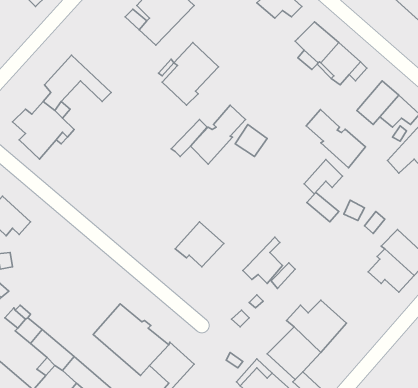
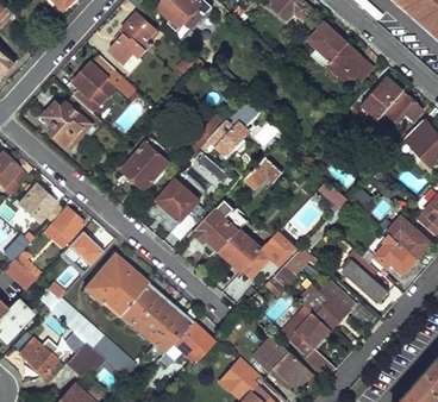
building: [162,42,219,105] -> [110,13,162,71]
building: [306,109,365,168] -> none
building: none -> [123,143,170,191]
building: [304,159,342,194] -> [246,157,282,189]
building: none -> [192,153,229,190]
building: none -> [156,180,199,222]
building: none -> [43,206,82,247]
building: none -> [220,230,263,270]
building: none -> [68,240,104,268]
building: none -> [343,249,388,303]
building: none -> [83,255,145,314]

